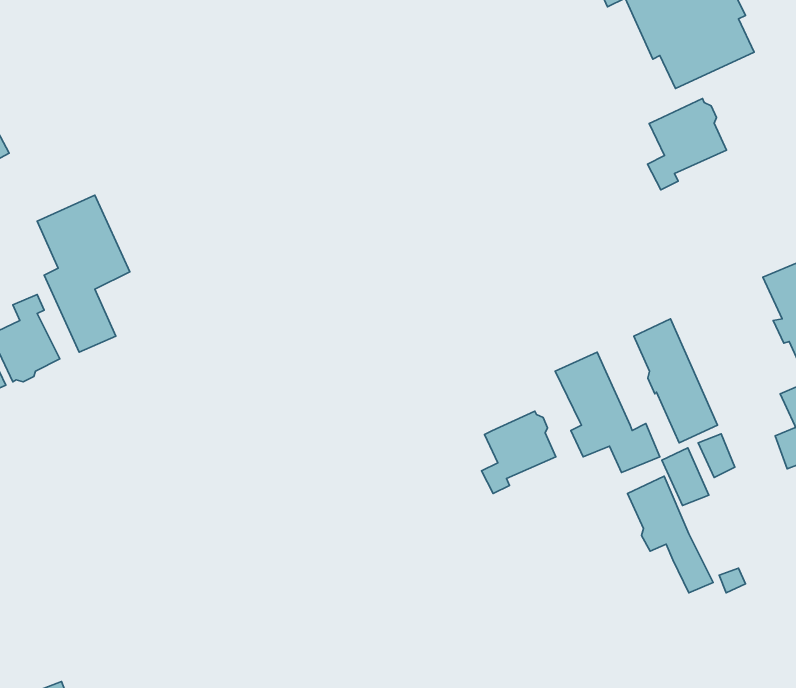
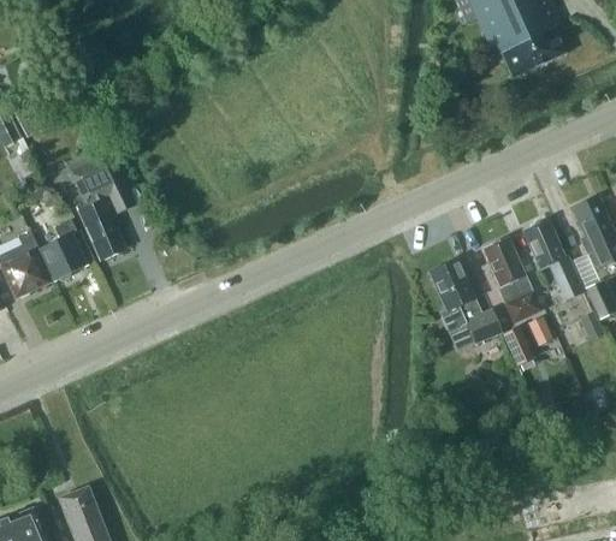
building: [647,99,726,190] -> none
building: [481,411,556,494] -> none
building: [628,476,713,593] -> [521,219,580,299]

